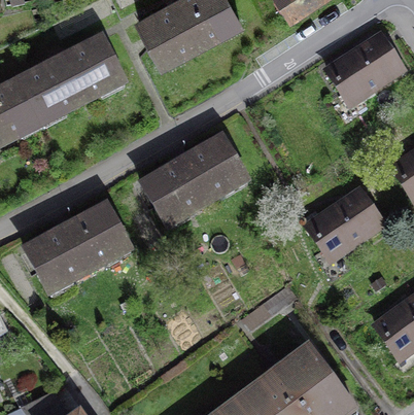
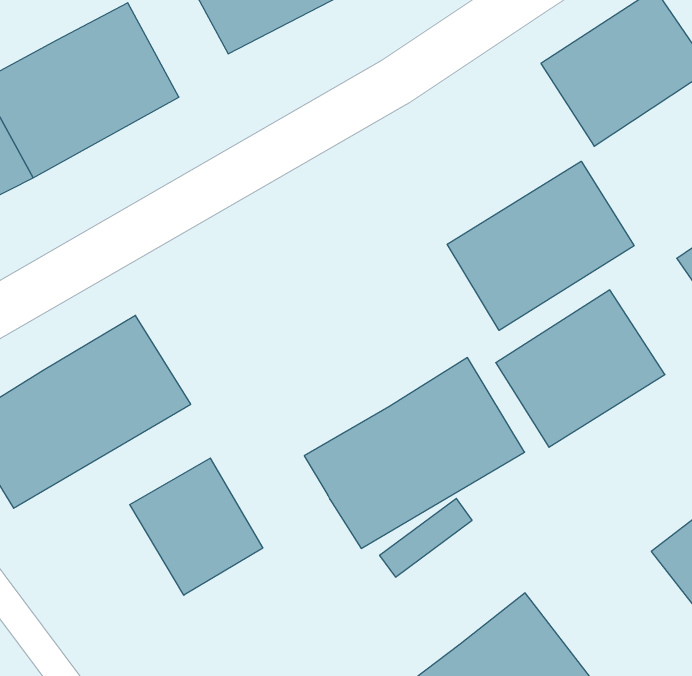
building: none -> [447,161,634,330]
building: [135,132,250,232] -> [304,358,525,548]
building: none -> [130,458,263,595]

